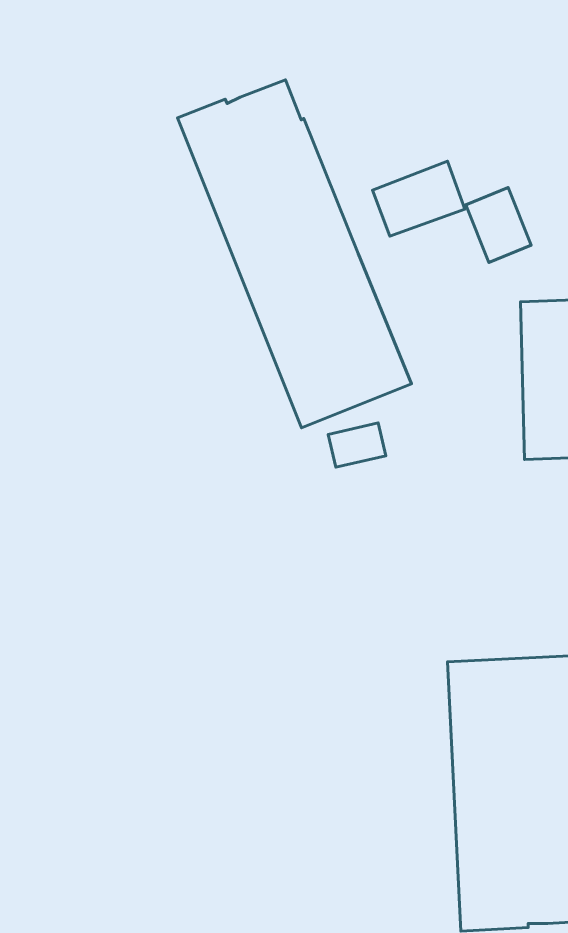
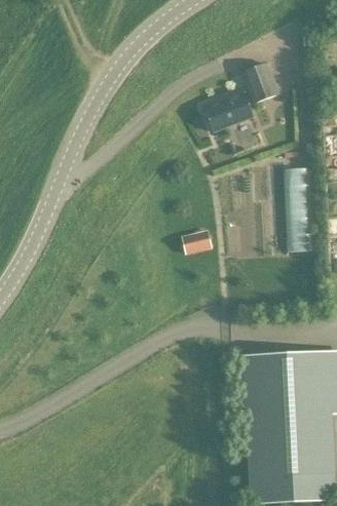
building: [178,80,412,428] -> none
building: [466,187,531,262] -> [242,63,277,103]

